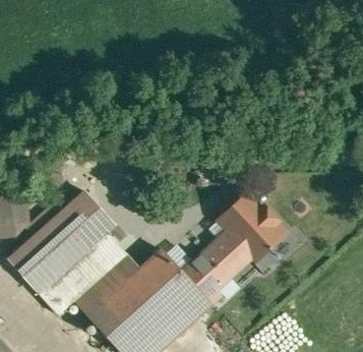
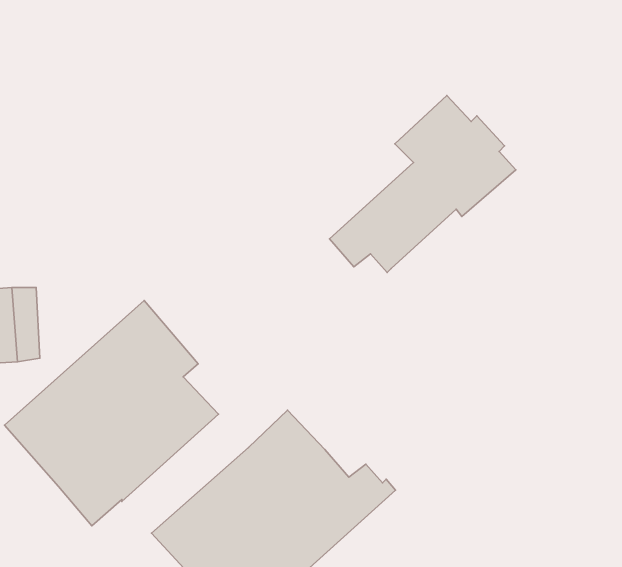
building: [184,193,286,290] -> [330,96,516,272]
building: [73,252,142,317] -> none

